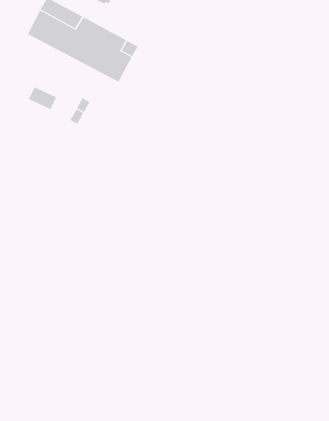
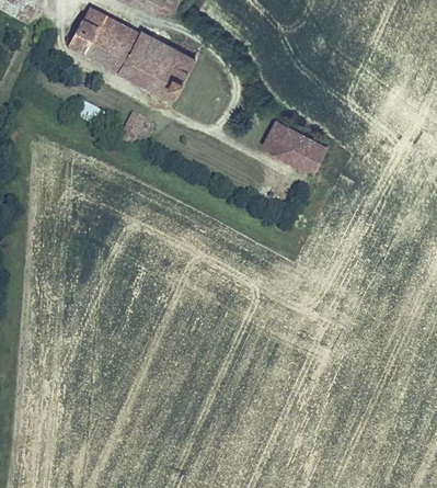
building: none -> [256,118,323,174]

